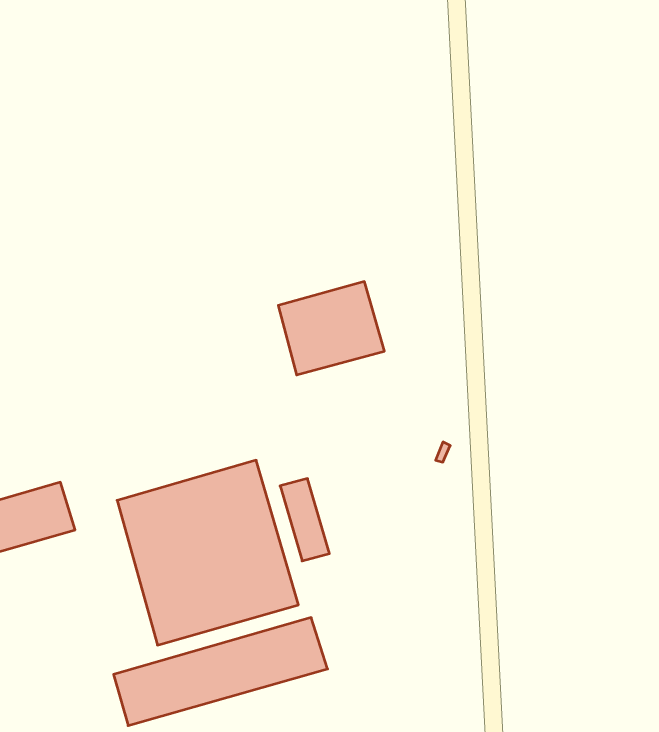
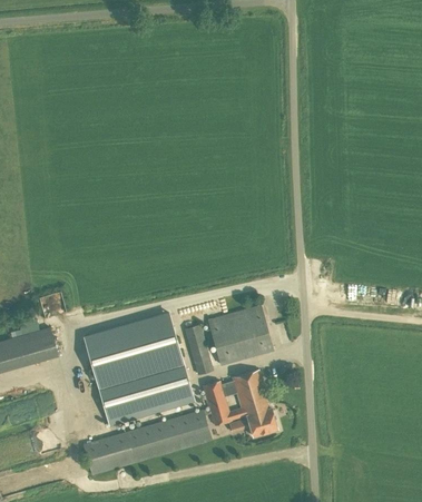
building: [278,282,384,375] -> [207,305,272,362]
building: none -> [202,370,276,436]

